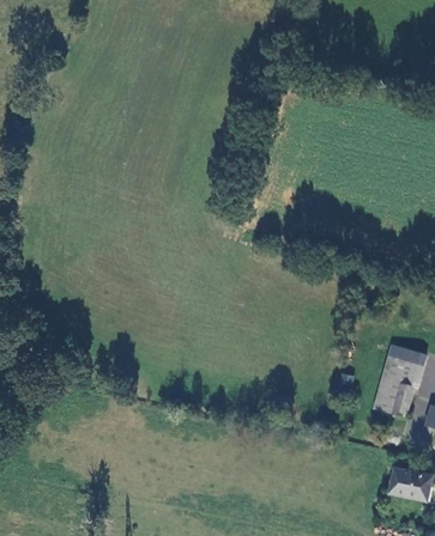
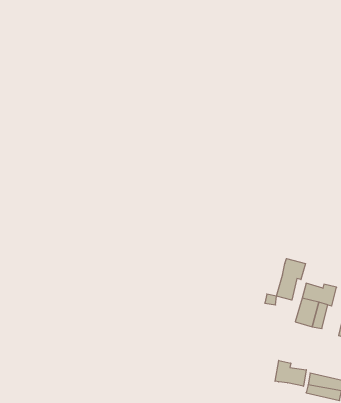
building: none -> [277,259,306,300]
building: none -> [275,360,306,386]

